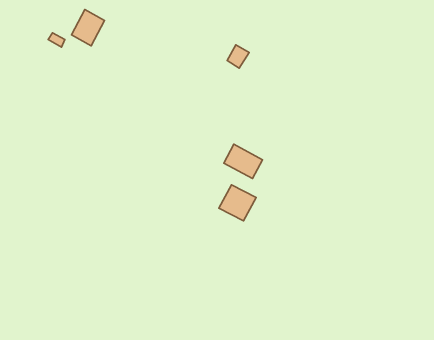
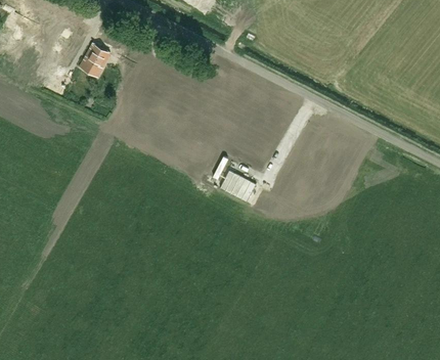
building: [219,185,256,221] -> none

